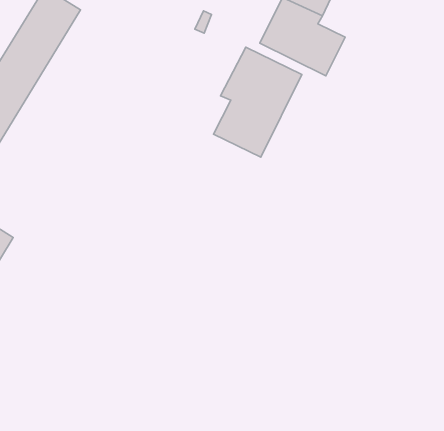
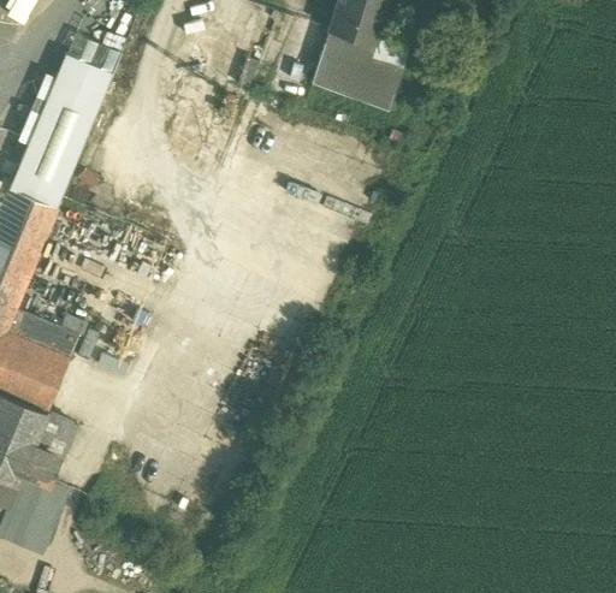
building: [214,47,302,157] -> none

